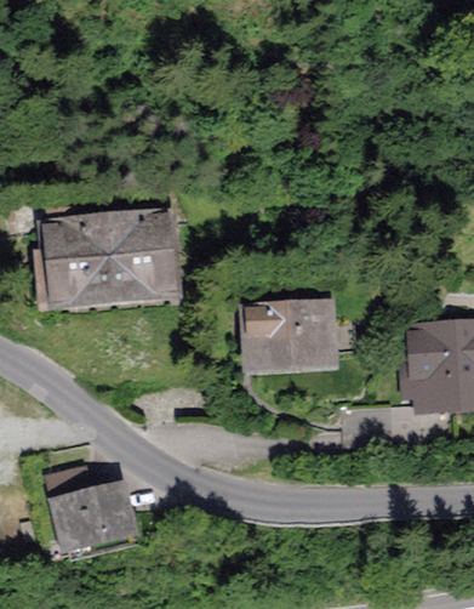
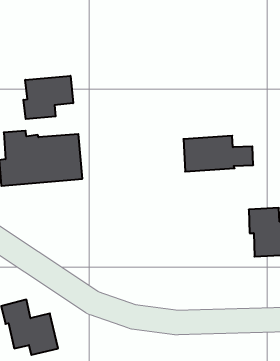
building: none -> [23,76,73,119]
building: [249,306,353,359] -> [183,136,253,172]

